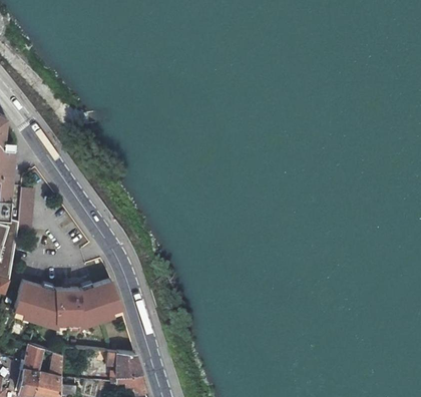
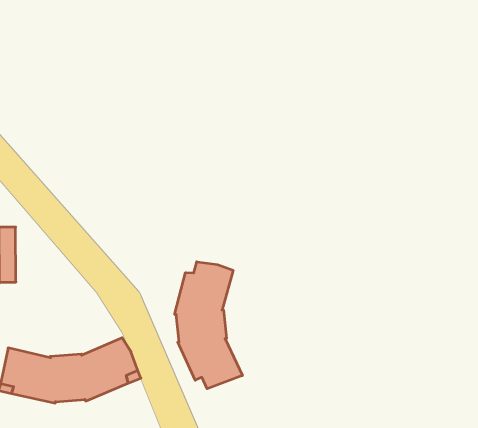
building: none -> [175,262,242,389]

